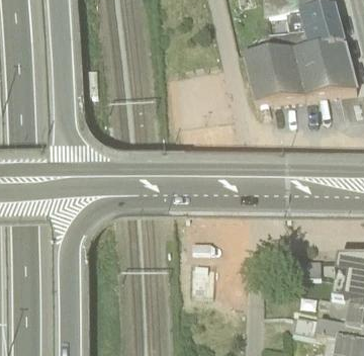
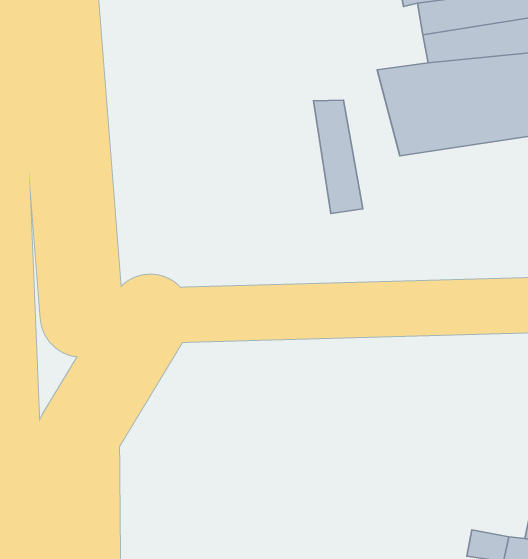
building: none -> [314,100,363,214]

